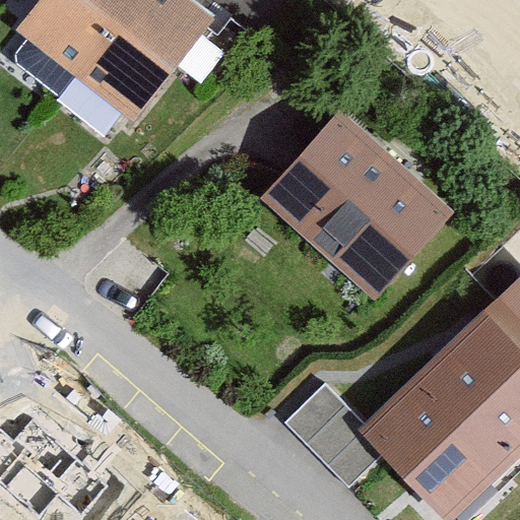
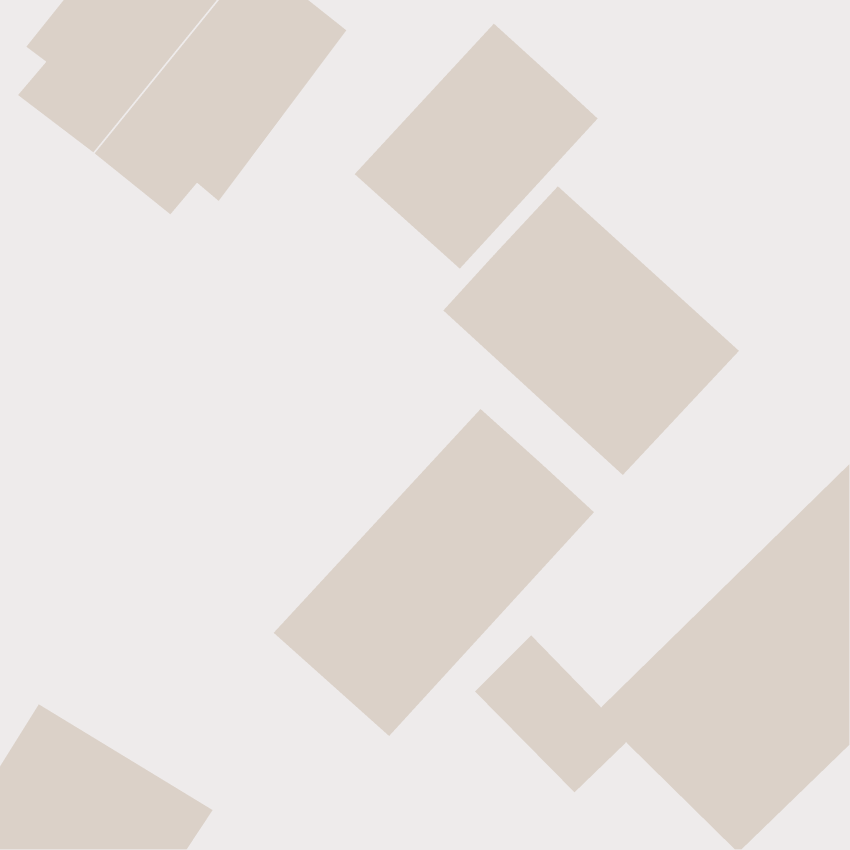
building: none -> [354,23,598,270]
building: none -> [273,408,595,737]

